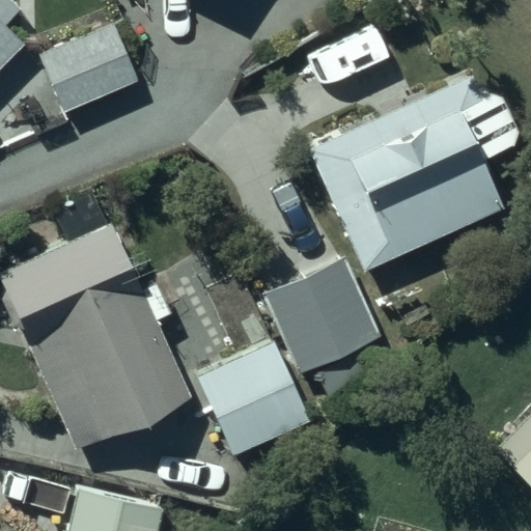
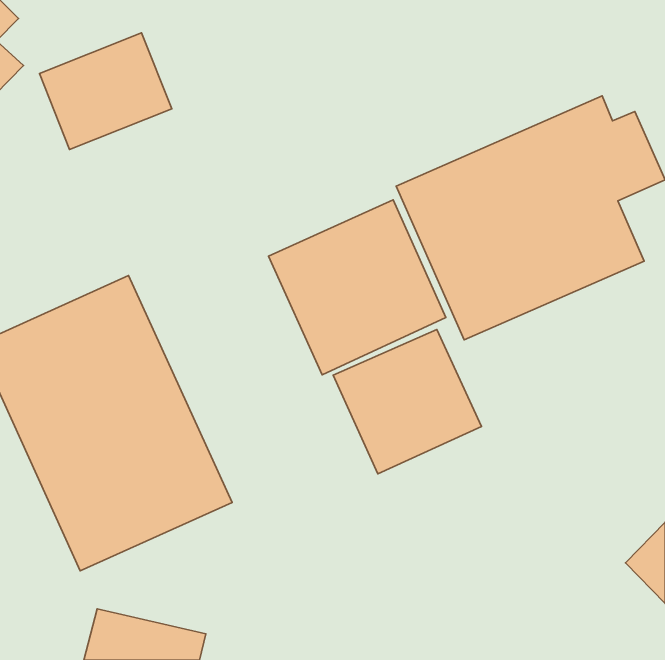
building: none -> [269,200,446,375]
building: [195,343,313,459] -> none

